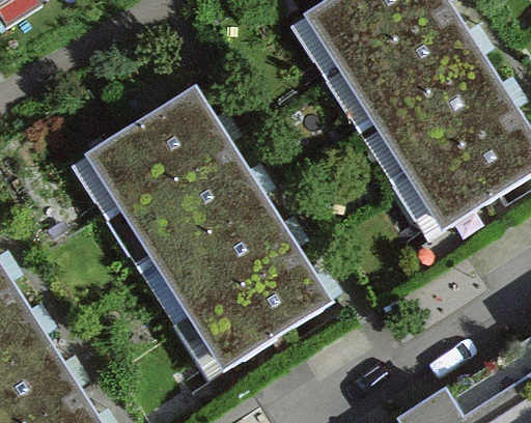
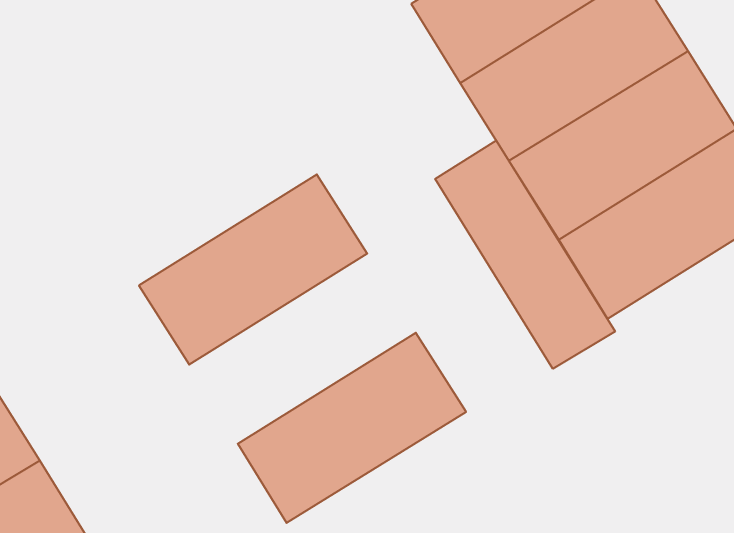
building: [77,85,231,215] -> none
building: none -> [435,141,615,369]
building: [144,193,299,322] -> none

